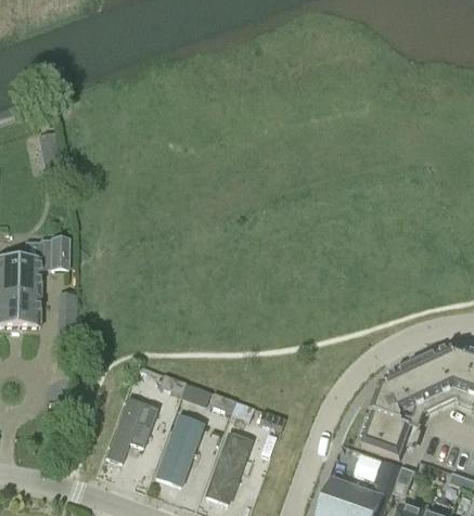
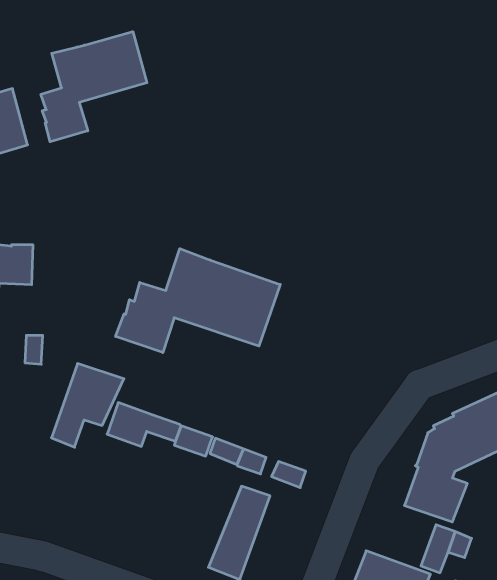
building: none -> [41,32,147,142]
building: none -> [116,249,280,353]
building: [106,398,164,464] -> [51,364,124,447]
building: [161,427,195,483] -> none

